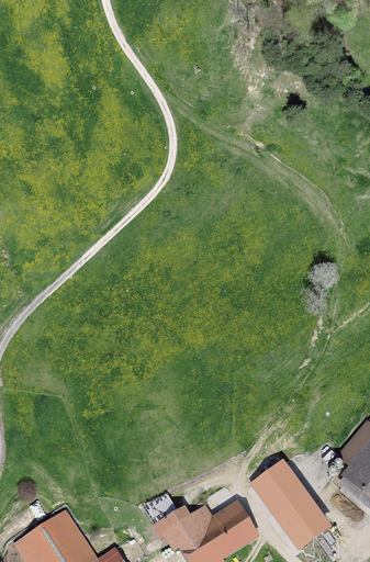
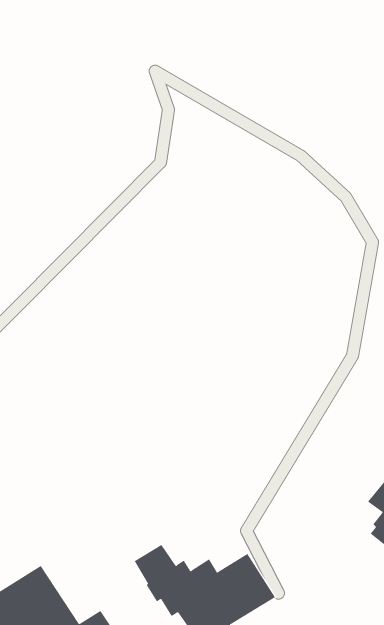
building: [249,460,333,552] -> none

